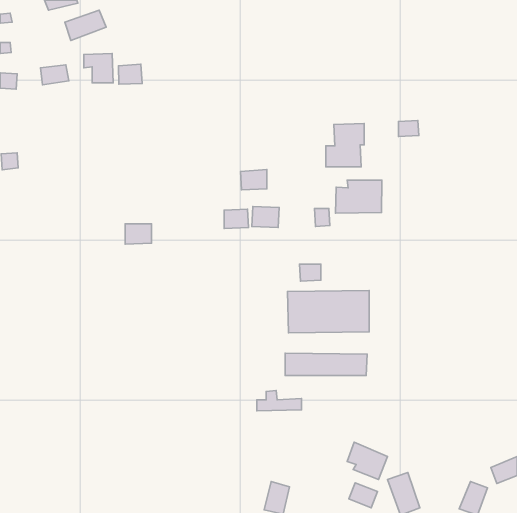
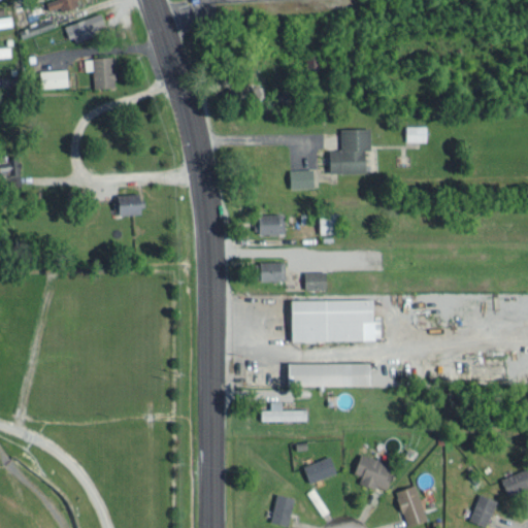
building: [119,64,142,84] -> none
building: [240,169,267,190] -> [288,170,315,191]
building: [335,180,382,213] -> none
building: [224,209,248,229] -> [261,263,286,283]
building: [125,224,151,244] -> [117,196,143,217]
building: none -> [302,458,337,485]
building: [349,483,378,508] -> none

